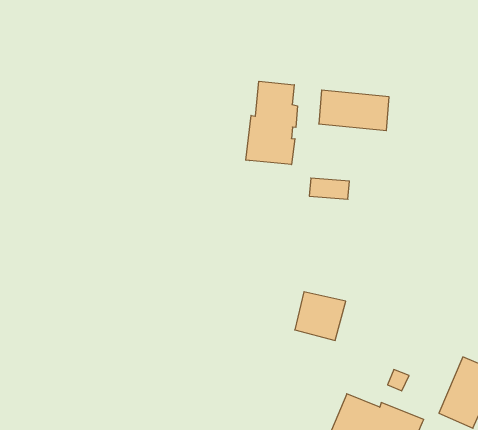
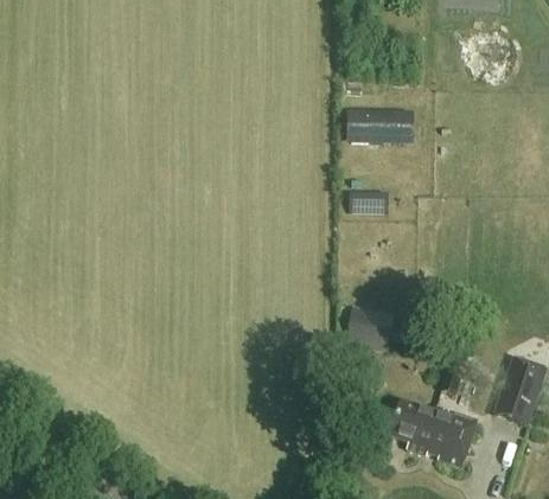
building: [246,81,297,165] -> none

